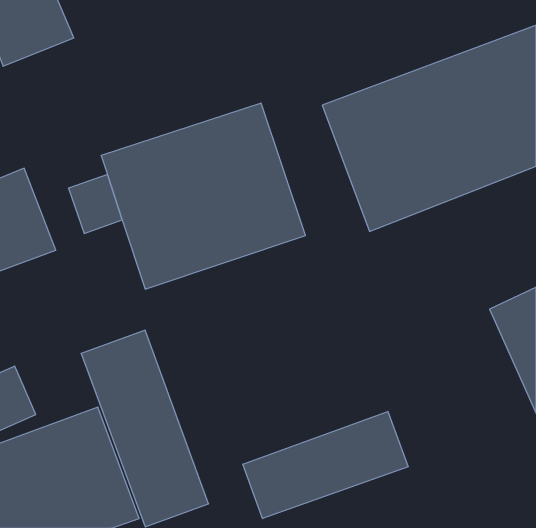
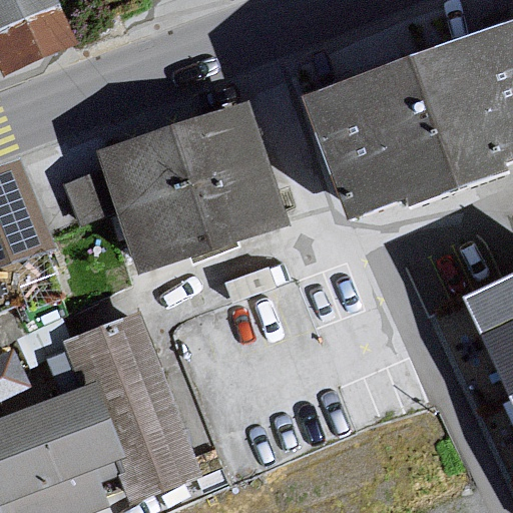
building: [243,411,408,519] -> none

